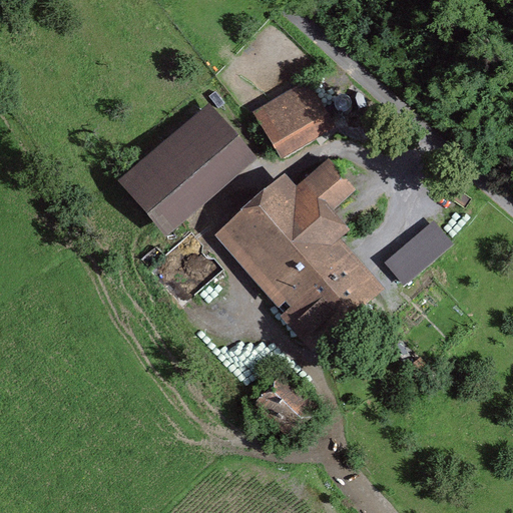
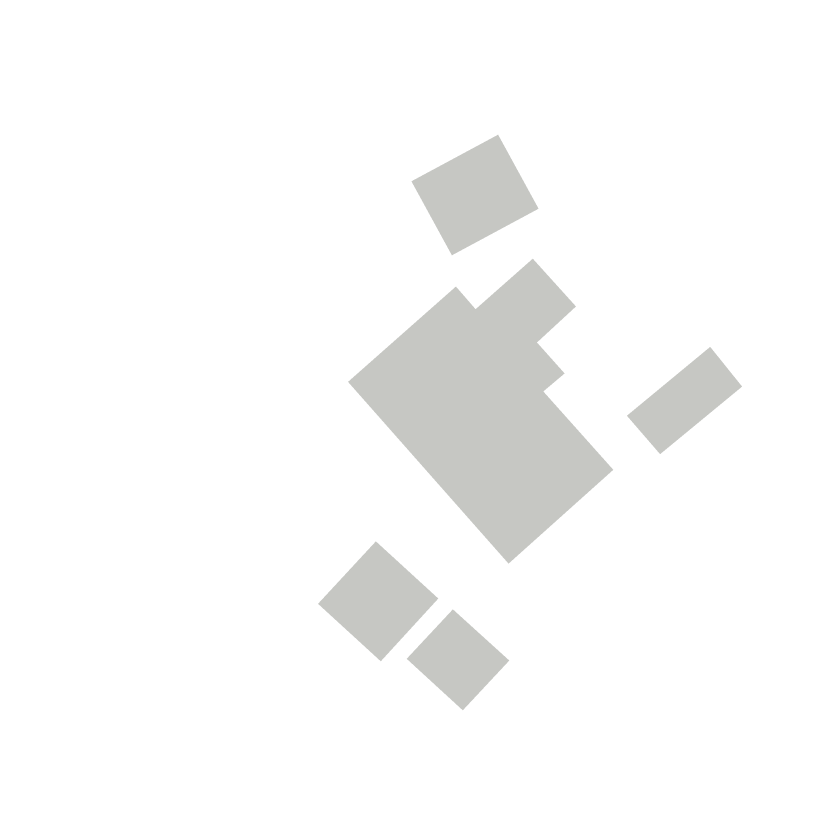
building: [116,104,254,236] -> none
building: none -> [317,540,439,662]

